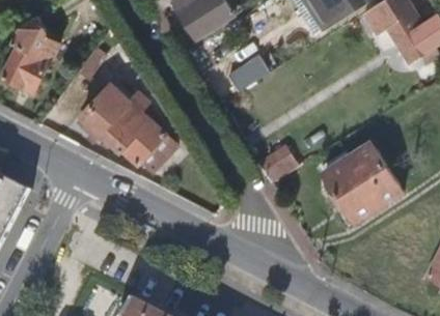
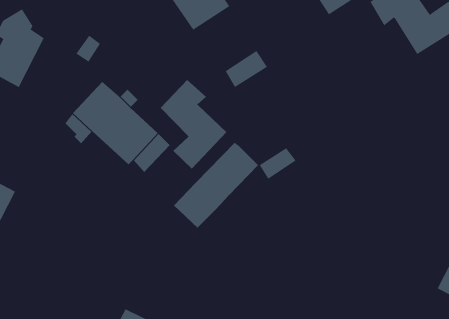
building: none -> [160,79,227,170]
building: [324,141,402,225] -> none
building: none -> [173,142,259,229]

